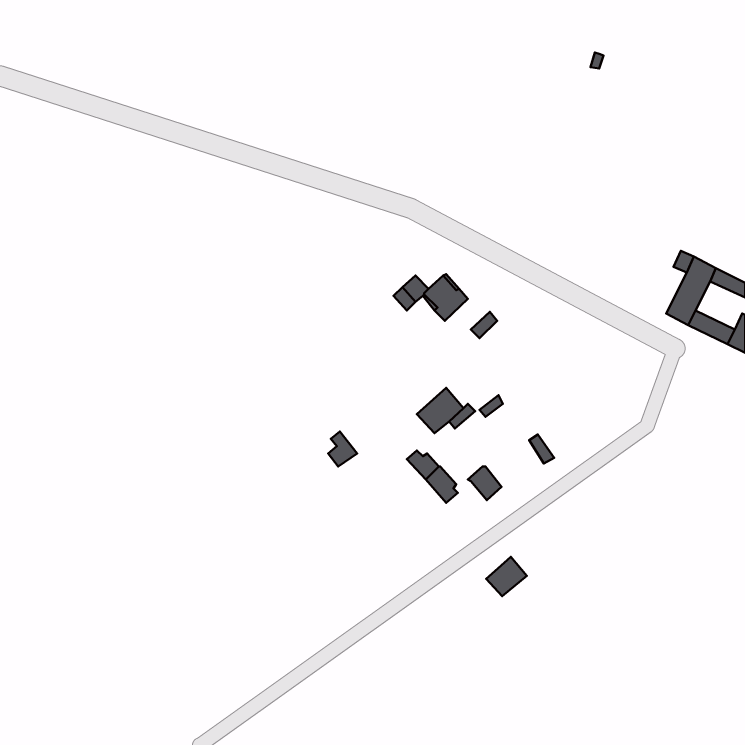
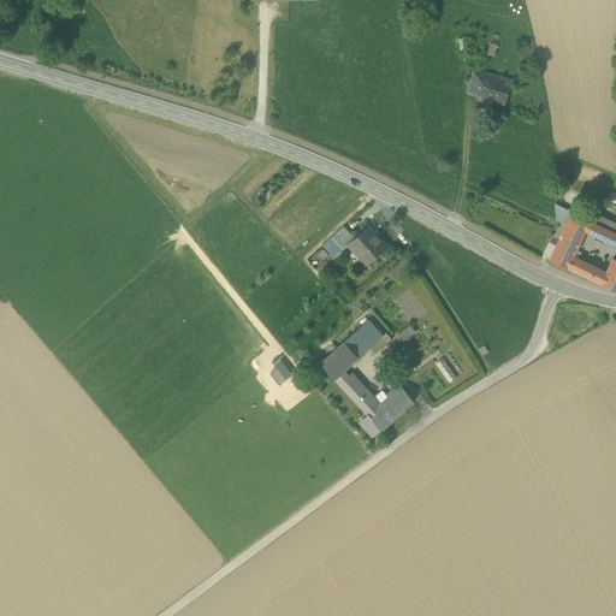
building: none -> [467,69,511,105]
building: none -> [321,342,359,379]
building: [486,557,527,596] -> [368,397,402,430]

